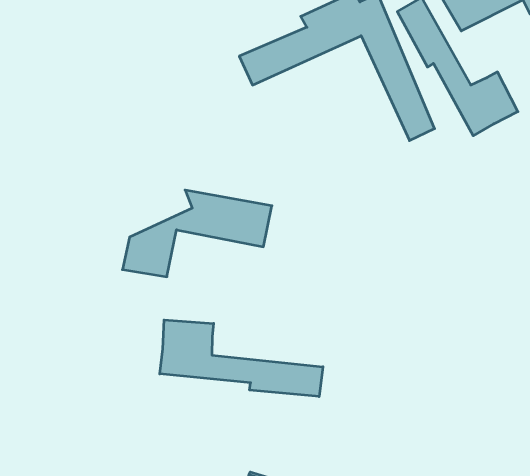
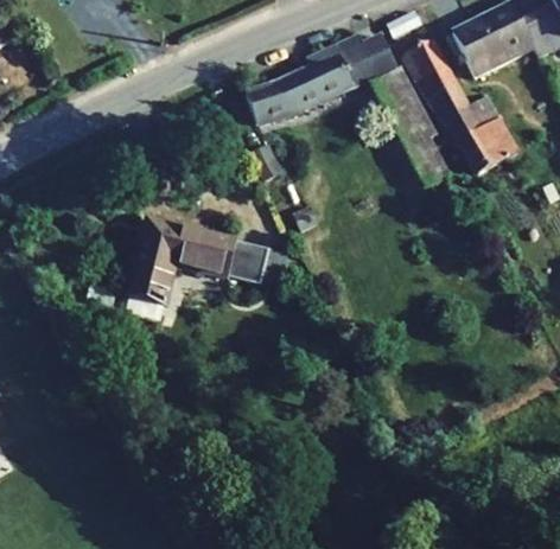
building: none -> [140,221,202,275]
building: [160,320,323,397] -> none

